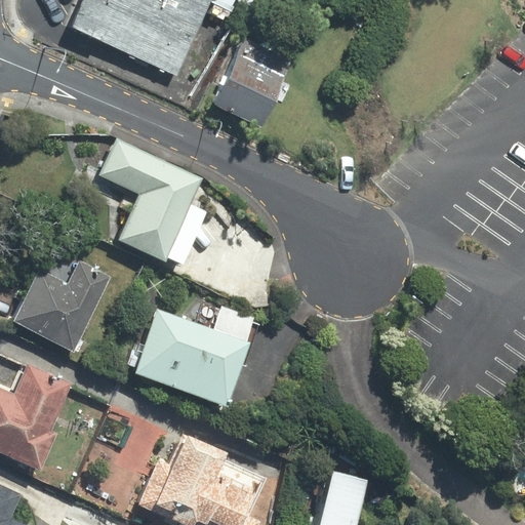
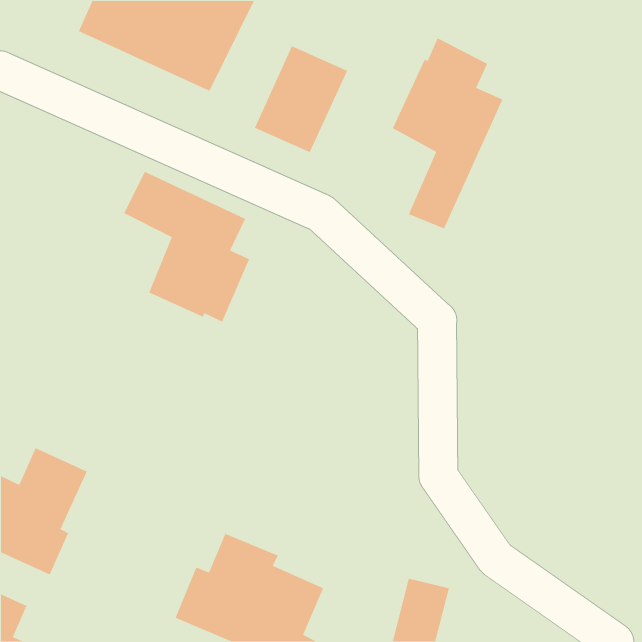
building: none -> [392,37,504,230]
building: [14,261,111,351] -> none
building: [133,307,254,408] -> none

